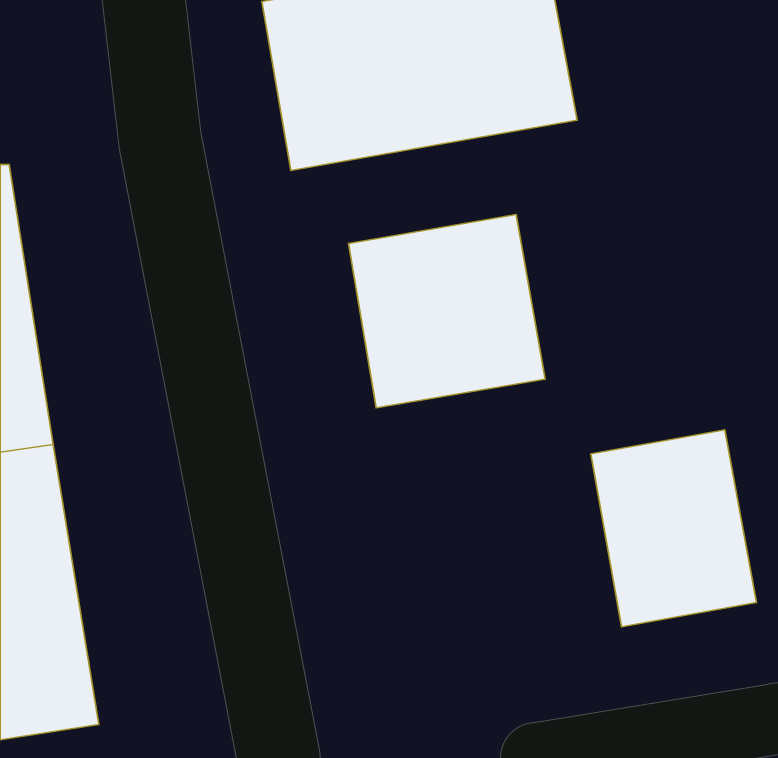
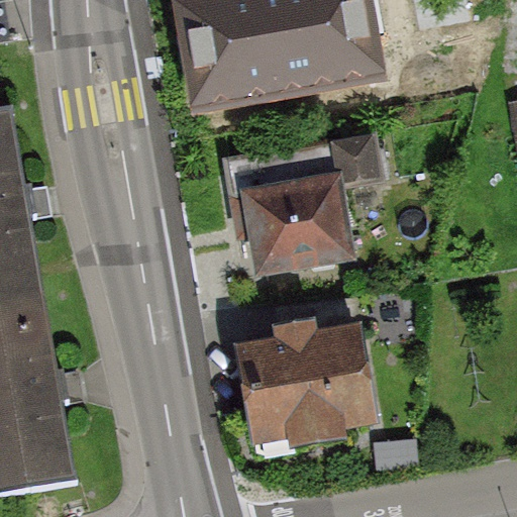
building: [591,430,756,627] -> none
building: none -> [243,322,382,444]

